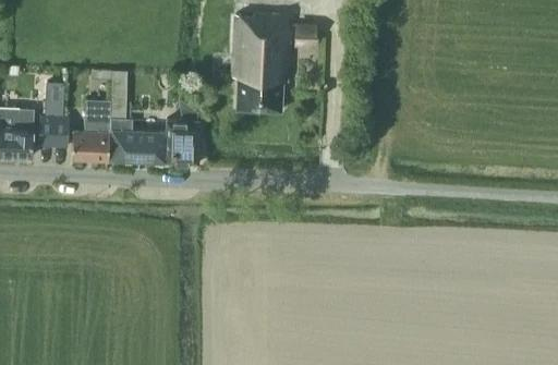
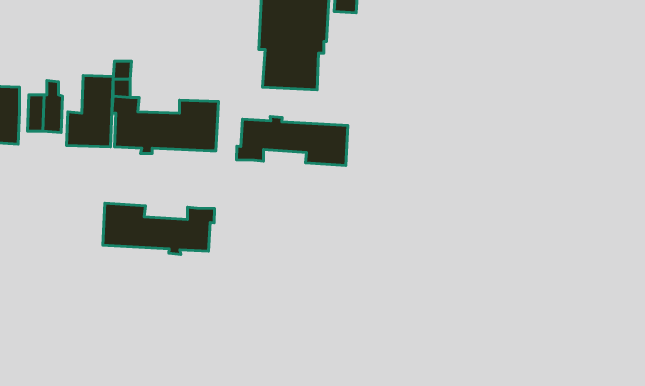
building: none -> [237,116,348,165]
building: none -> [103,203,214,254]

